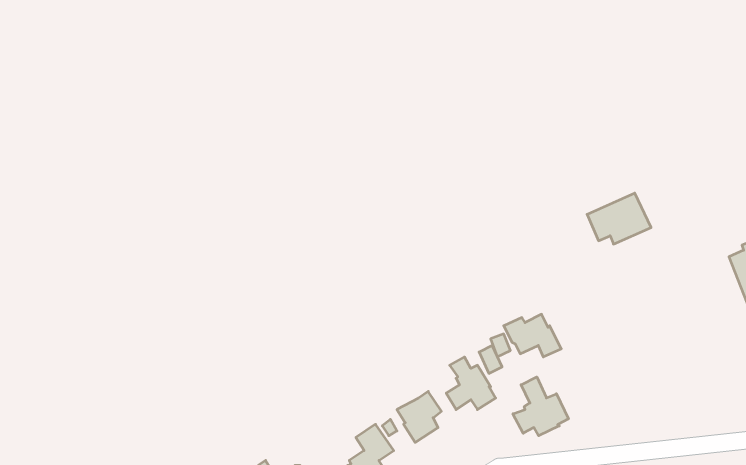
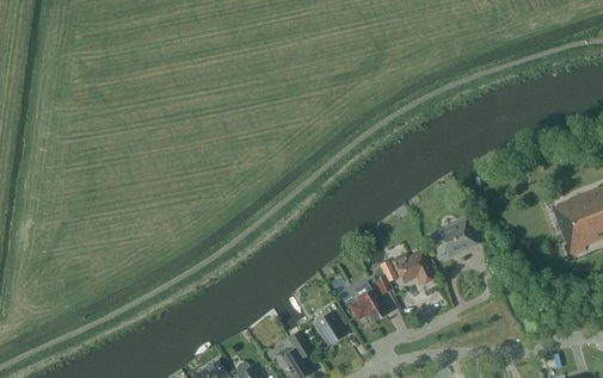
building: [587,193,651,244] -> [430,219,476,256]
building: [513,377,568,436] -> none

